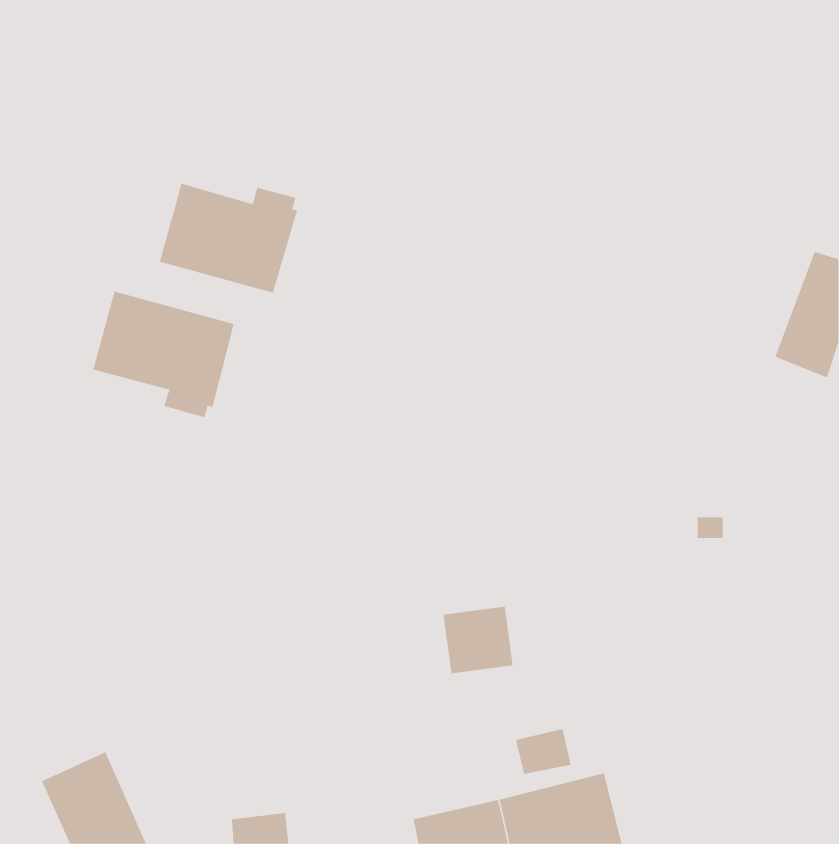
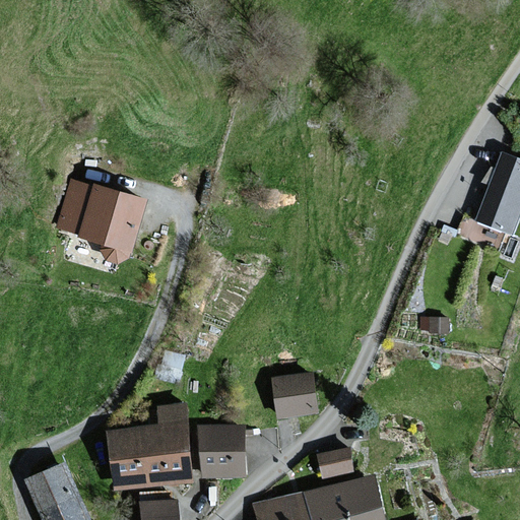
building: [159,183,298,293] -> none
building: none -> [109,403,193,489]
building: none -> [200,425,244,476]

